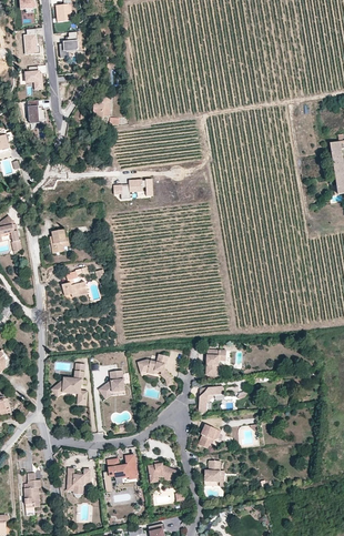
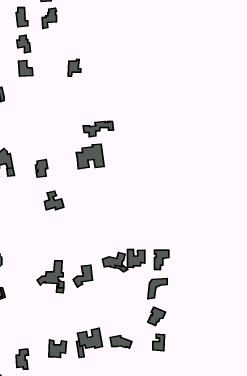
building: none -> [76,144,104,169]
building: none -> [127,249,145,267]

